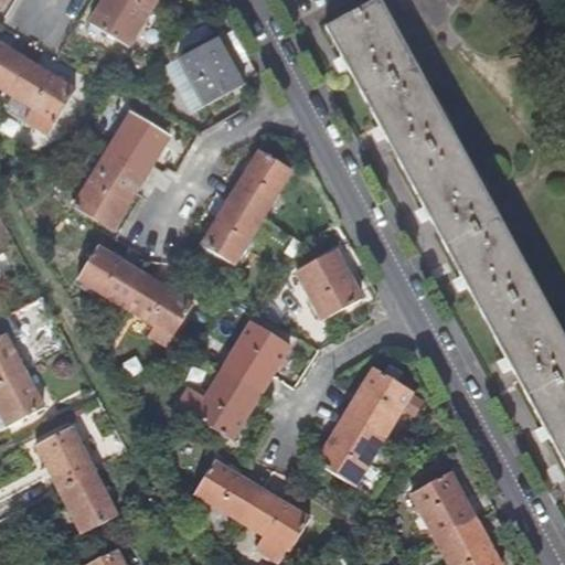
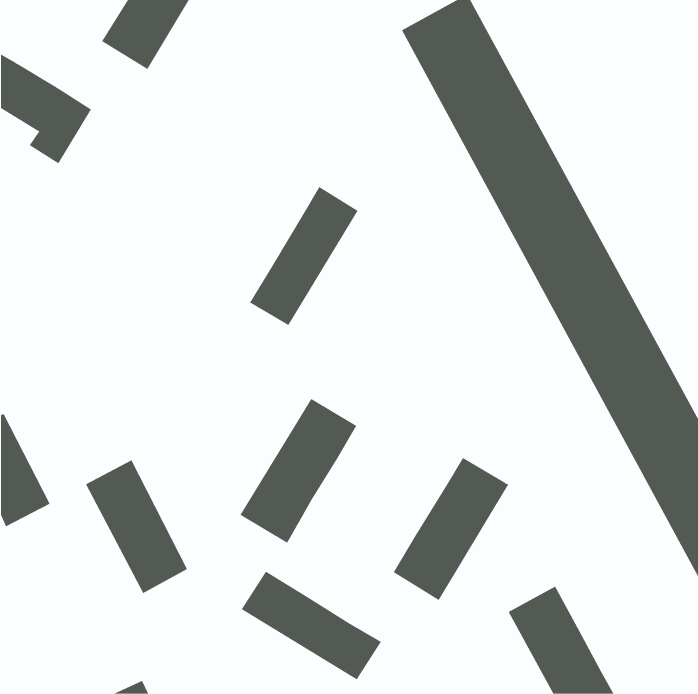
building: [179,35,244,110] -> none
building: [75,111,170,228] -> none
building: [78,245,191,334] -> none
building: [296,249,361,319] -> none
building: [34,425,117,533] -> [85,460,188,594]

